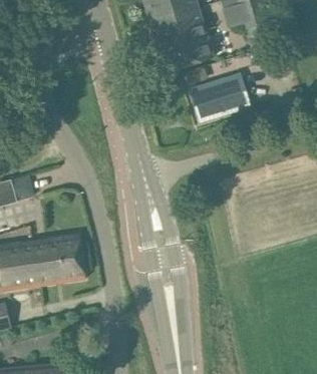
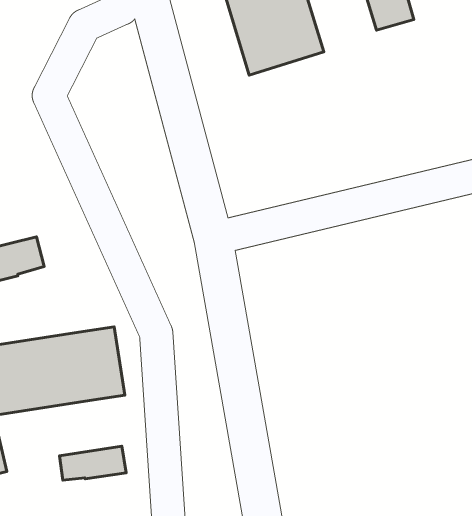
building: [191,80,248,121] -> none
building: none -> [59,446,126,480]

